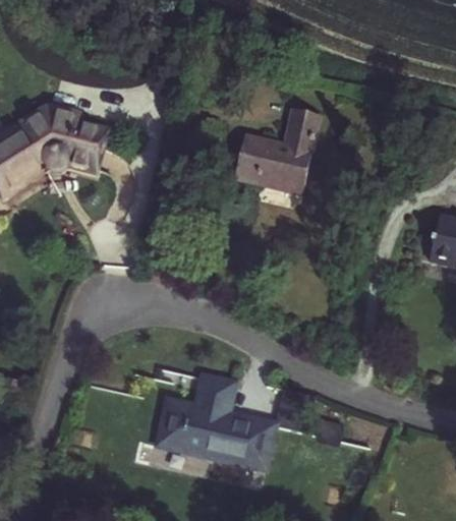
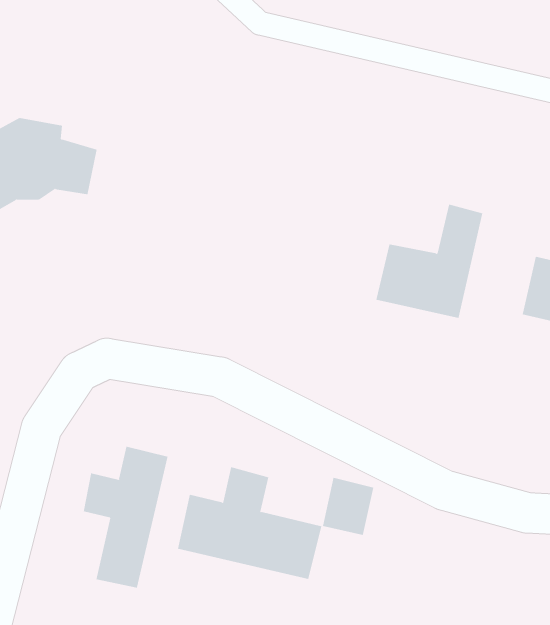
building: [236,105,319,192] -> [376,204,483,318]
building: none -> [83,446,168,589]

